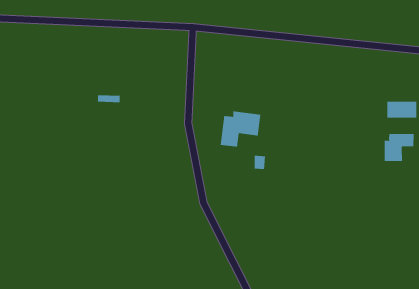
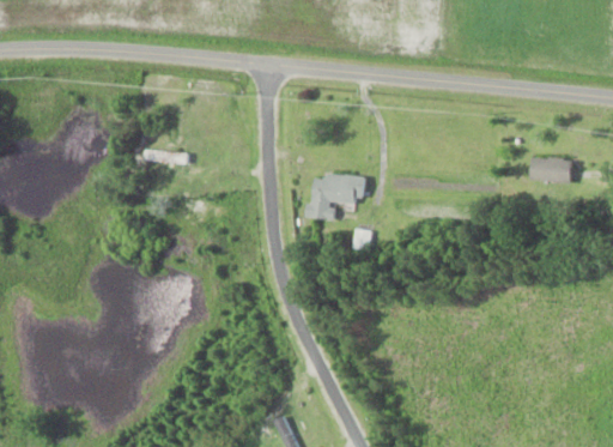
building: [384,133,414,162] -> none

